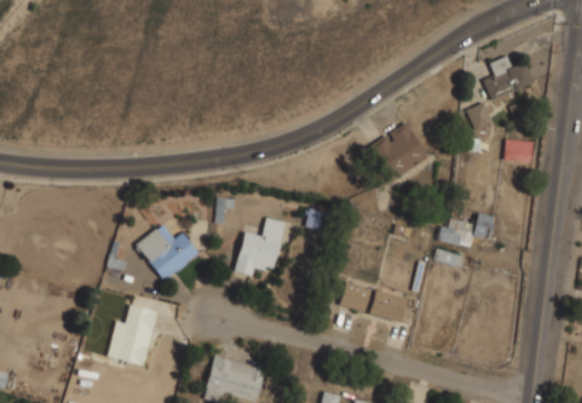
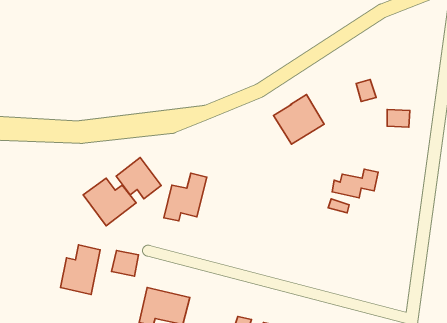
building: [484,57,532,100] -> none
building: none -> [116,158,161,199]
building: [340,283,407,323] -> none
building: none -> [112,250,139,276]

